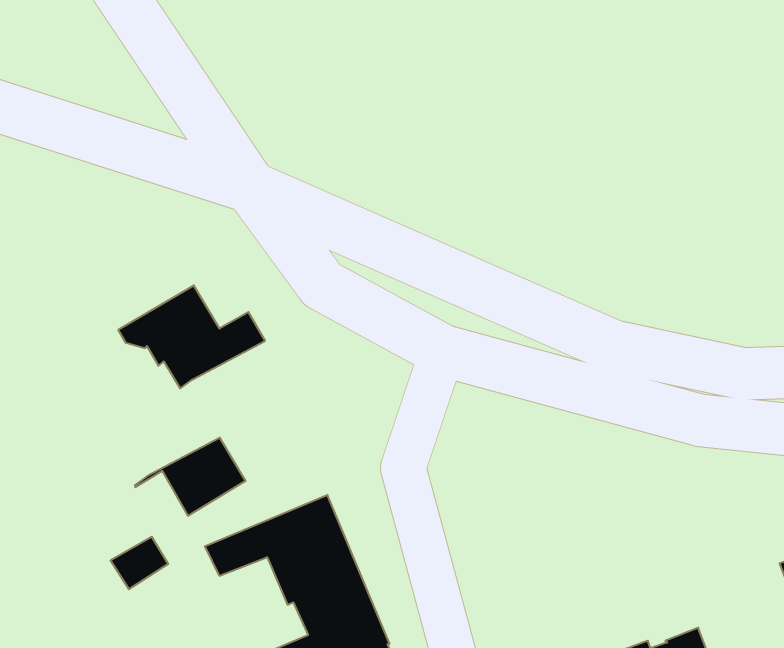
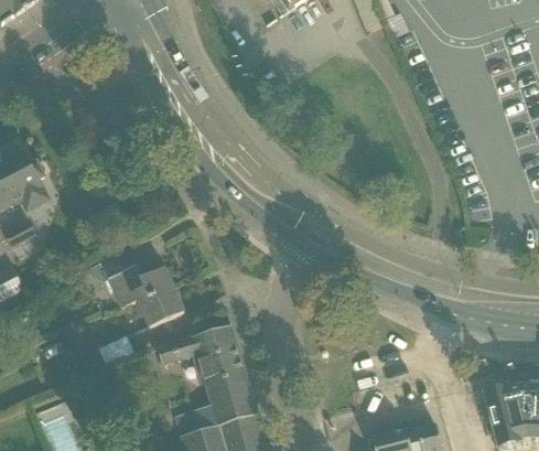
building: [118,285,265,388] -> [88,248,172,307]

